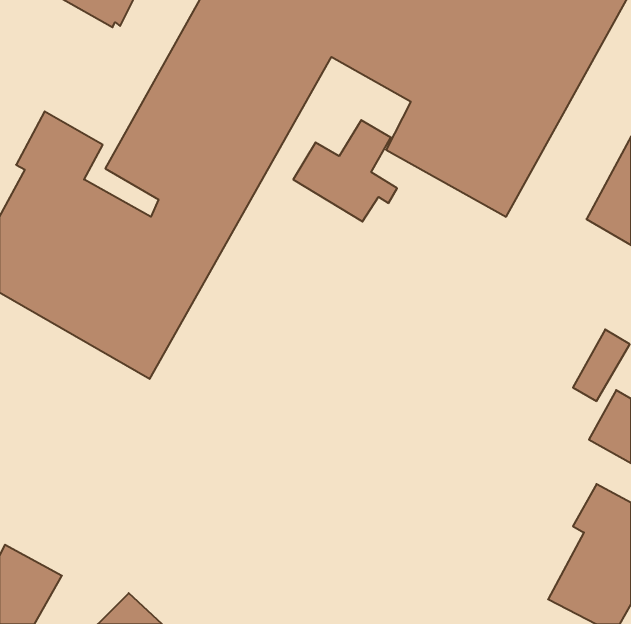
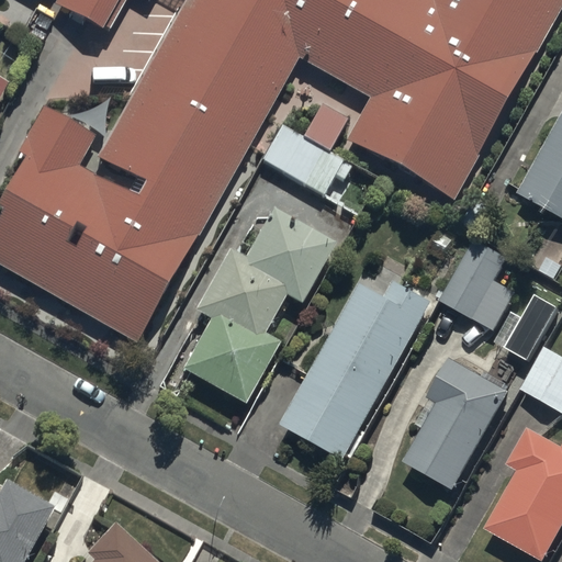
building: none -> [182,212,335,407]
building: none -> [441,243,518,331]
building: none -> [284,281,432,461]
building: none -> [404,360,510,494]

